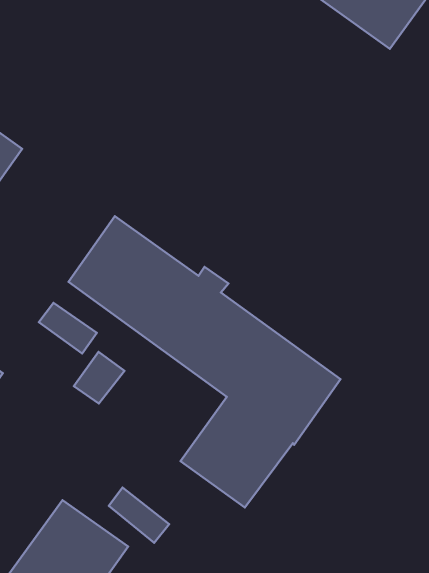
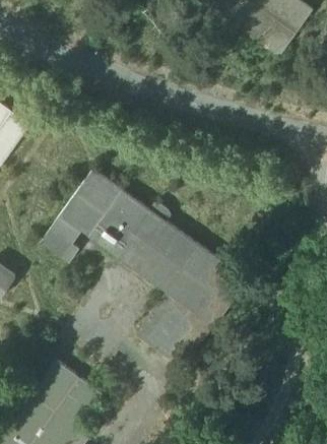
building: [74,352,124,404] -> none
building: [109,488,169,543] -> none

